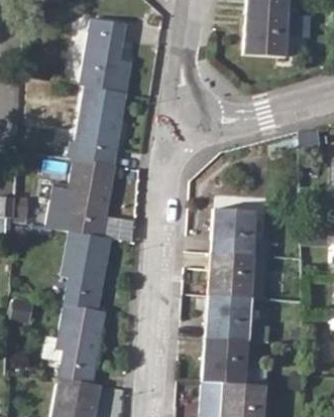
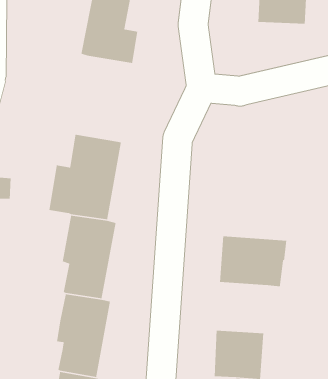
building: [67,86,127,164] -> none
building: [210,208,270,255] -> none
building: [204,294,251,340] -> none

